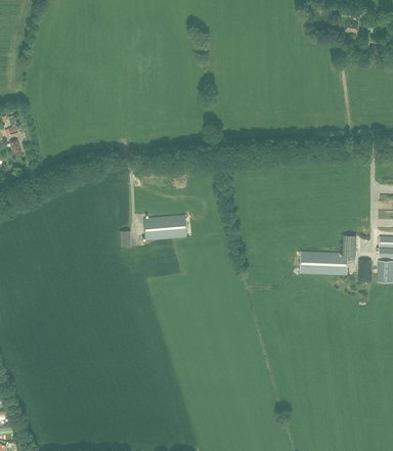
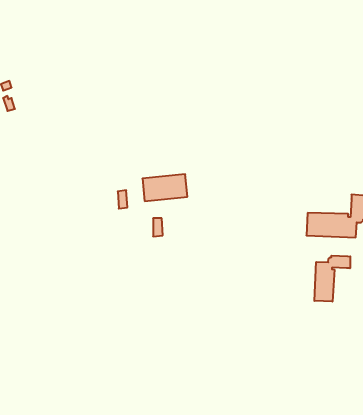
building: none -> [314,256,350,302]

